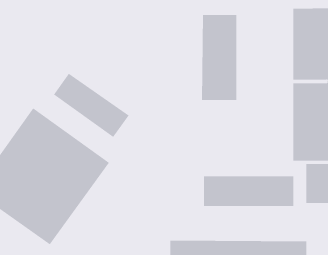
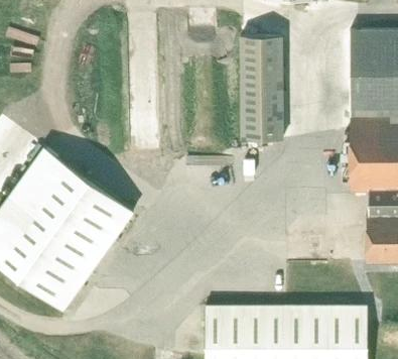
building: [53,73,129,138] -> none
building: [203,175,294,207] -> none

